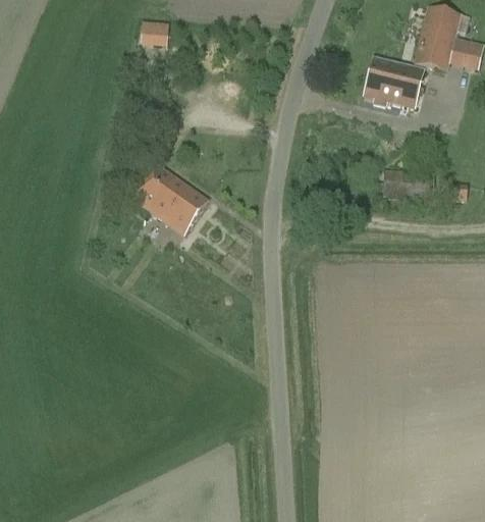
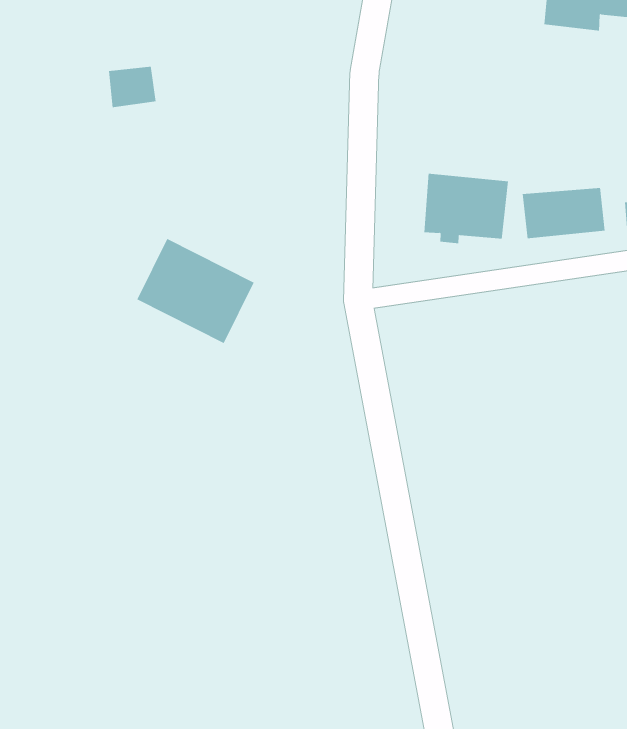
building: [141,20,169,44] -> [108,66,157,108]
building: [364,59,422,107] -> [423,173,509,244]

